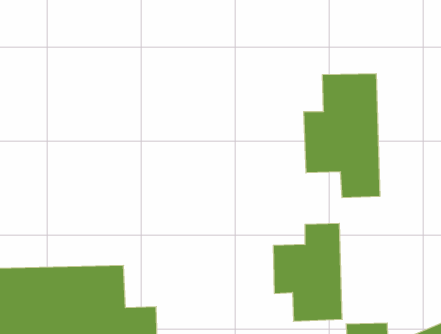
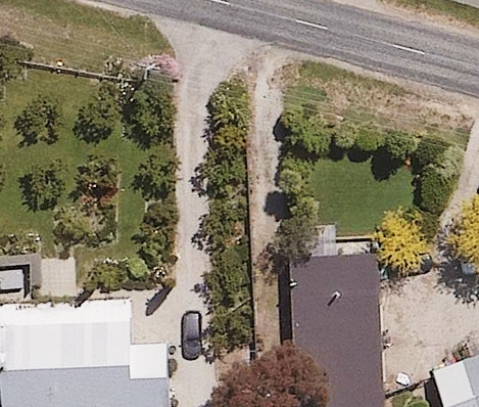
building: [304,74,380,198] -> none

